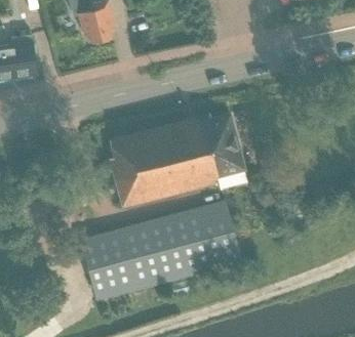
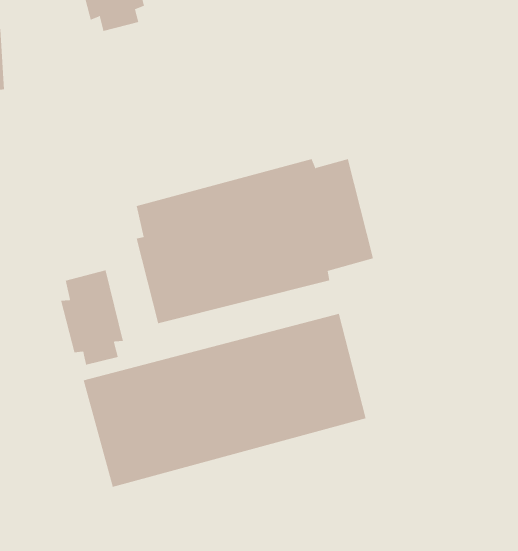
building: none -> [61,269,123,366]

